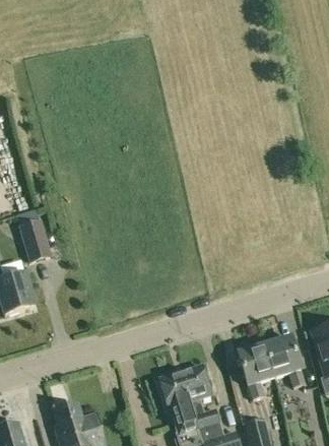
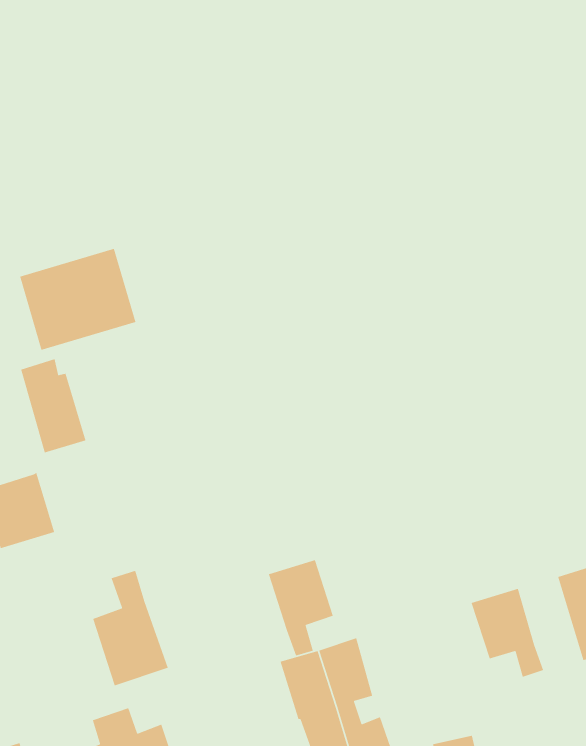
building: none -> [19,248,136,351]
building: none -> [92,570,169,687]
building: [238,344,274,398] -> [268,559,334,657]

